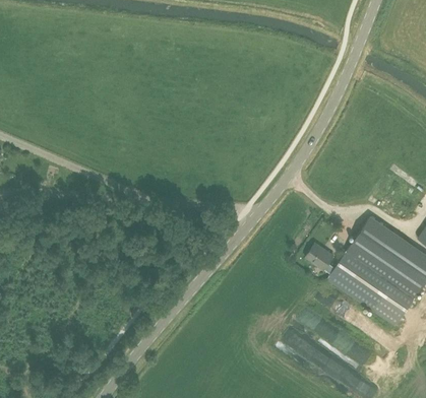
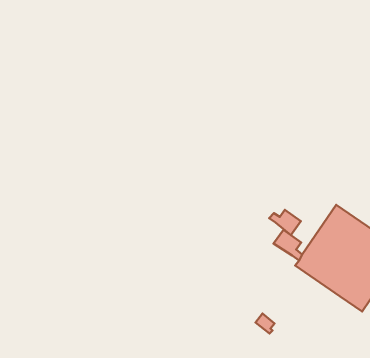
building: none -> [269,210,301,235]

